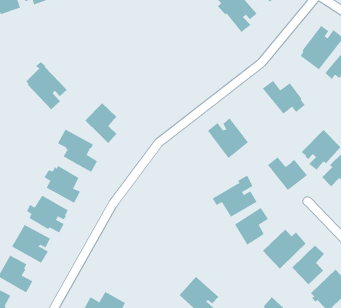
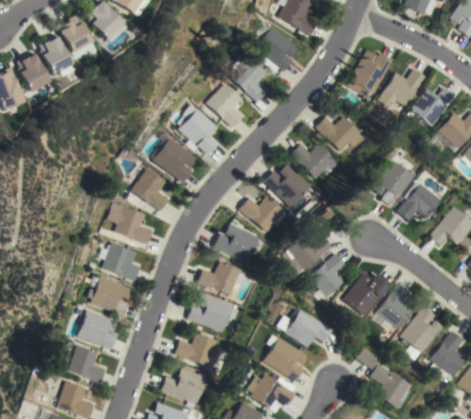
building: none -> [232,53,267,101]
building: none -> [208,83,243,127]
building: none -> [179,104,219,155]
building: [25,61,67,110] -> [152,132,198,182]
building: none -> [240,196,284,231]
building: [267,156,308,191] -> [290,143,335,178]
building: none -> [214,223,260,263]
building: none -> [198,261,246,295]
building: none -> [188,294,239,332]
building: none -> [273,309,328,347]
building: none -> [175,333,222,366]

